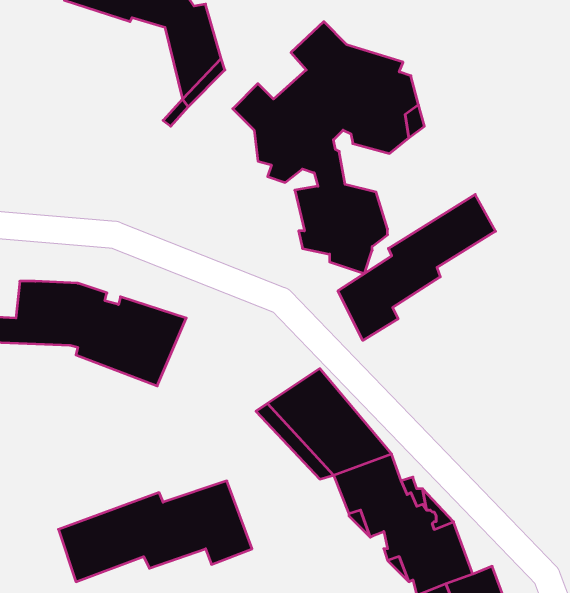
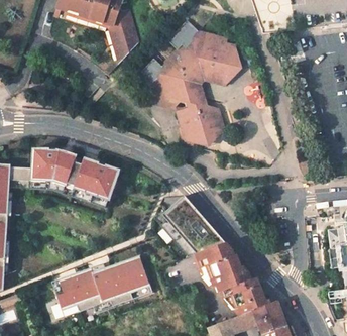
building: [338,194,496,340] -> none

